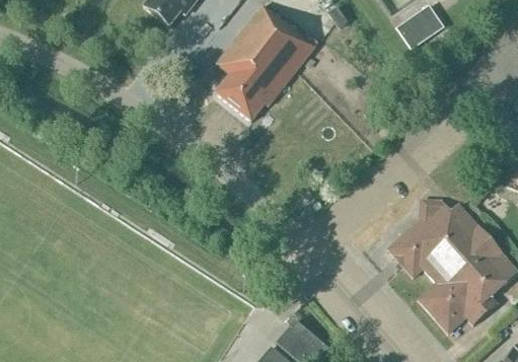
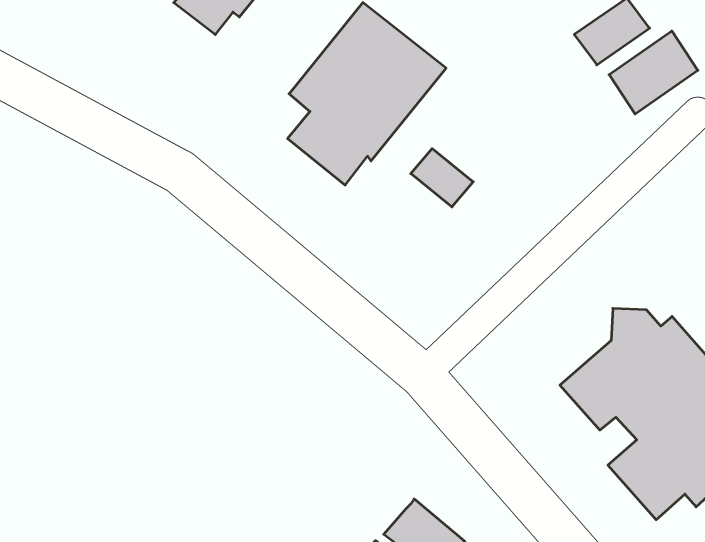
building: none -> [609,31,698,114]
building: none -> [411,149,473,207]

